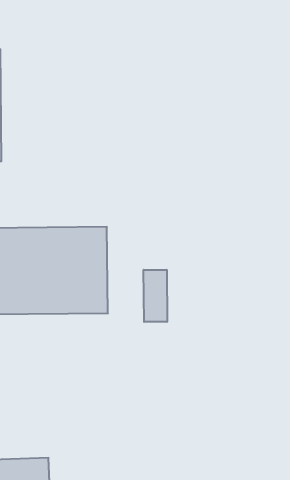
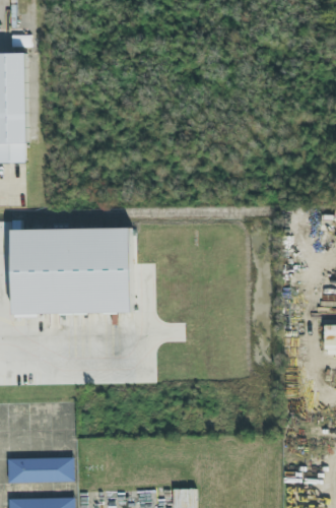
building: [144,270,167,322] -> none

